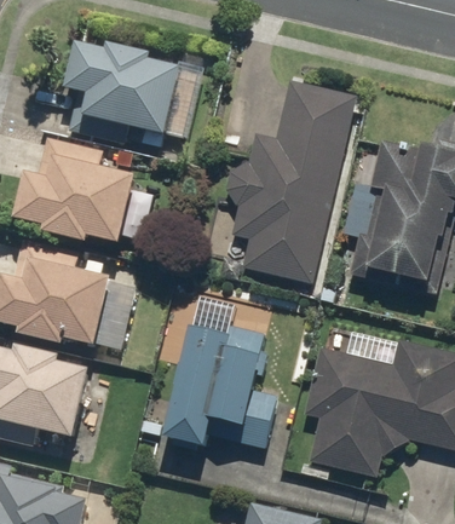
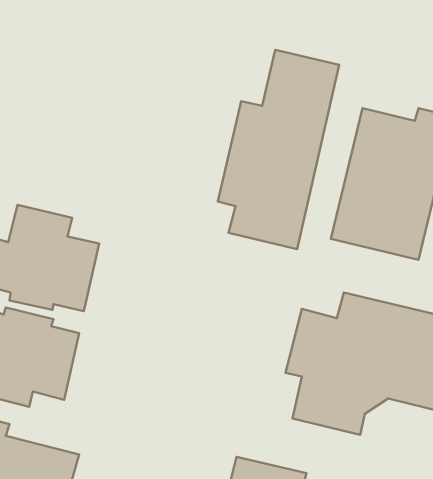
building: [62,42,182,143] -> none
building: [11,137,133,246] -> none
building: [159,290,280,450] -> none

